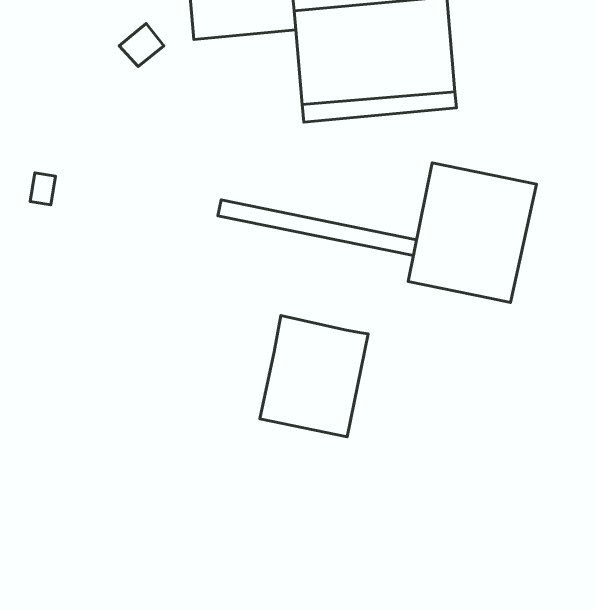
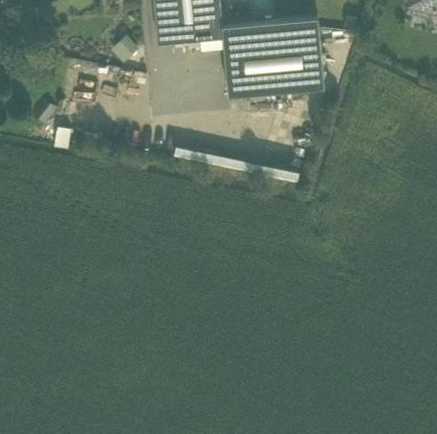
building: [408,163,536,302] -> none
building: [260,316,368,437] -> none

